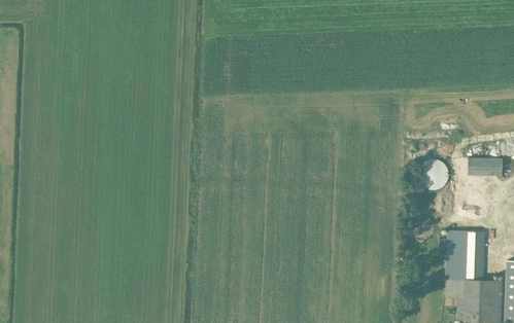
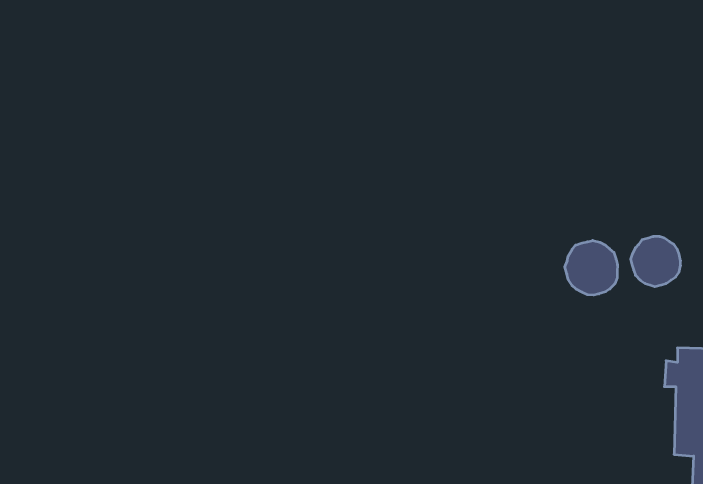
building: none -> [565,240,617,295]

